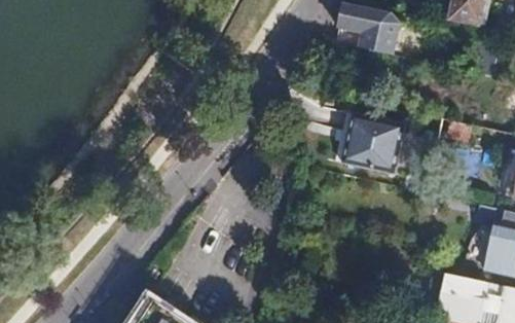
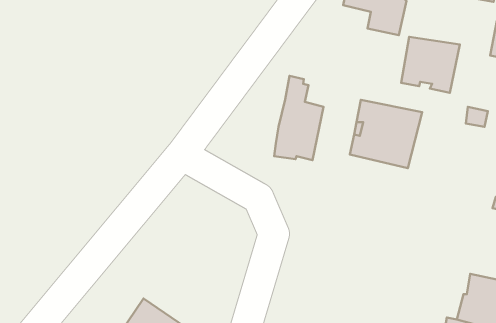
building: none -> [401,37,460,93]
building: none -> [274,76,323,160]

